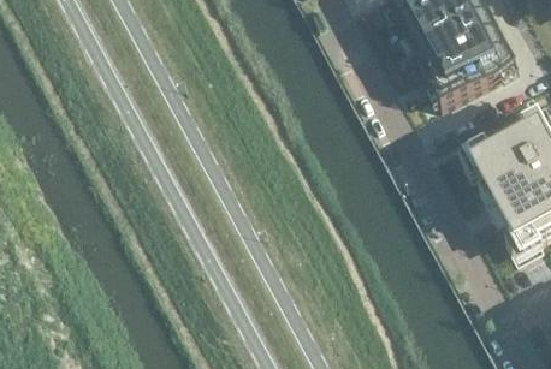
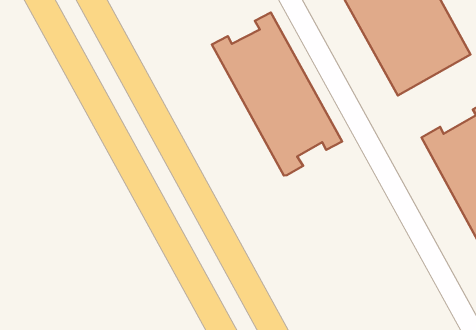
building: none -> [212,13,342,175]

